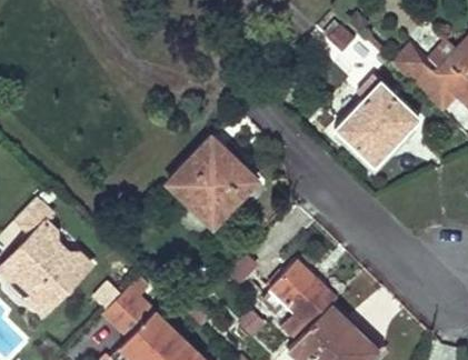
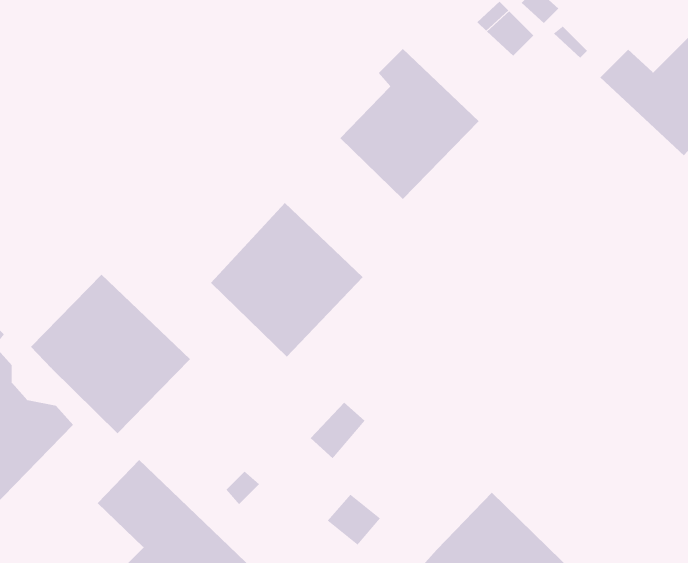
building: [338,77,419,164] -> [339,48,479,200]
building: none -> [30,274,191,434]
building: [269,258,339,338] -> none

